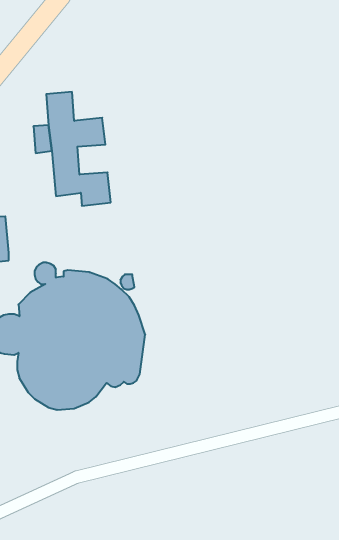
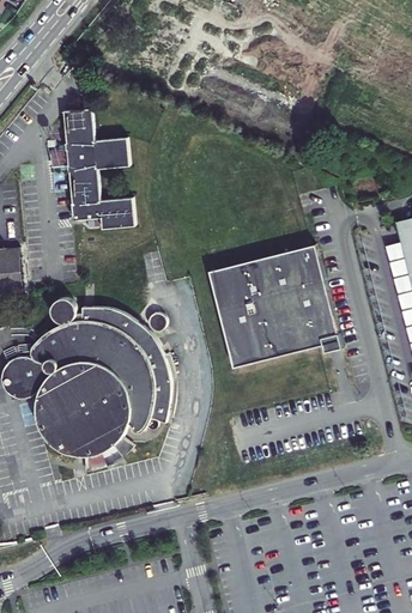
building: none -> [205,241,338,364]

